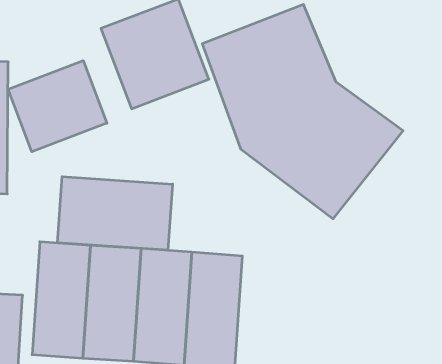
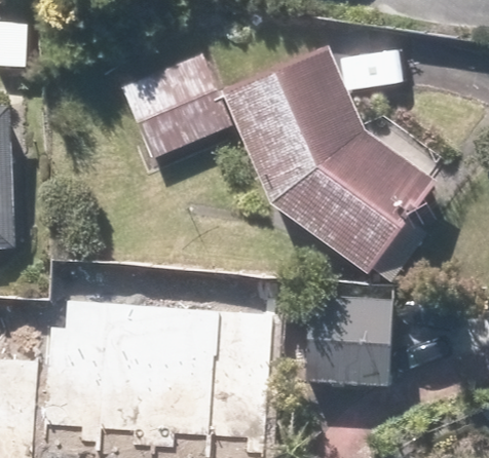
building: [8,61,107,152] -> none
building: [57,177,173,250] -> none
building: none -> [301,293,397,387]

